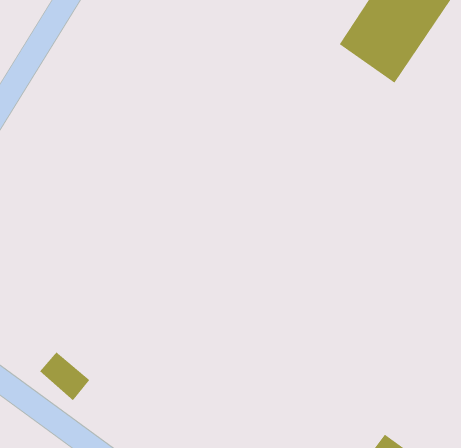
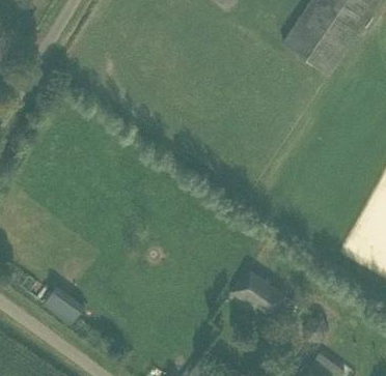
building: none -> [232,270,280,309]

